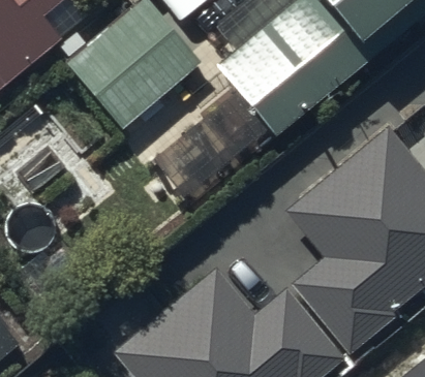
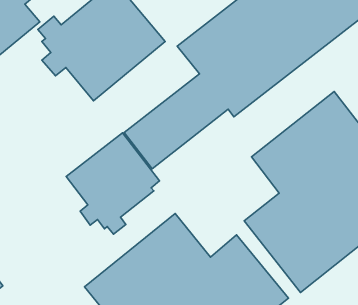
building: none -> [66,133,159,234]

